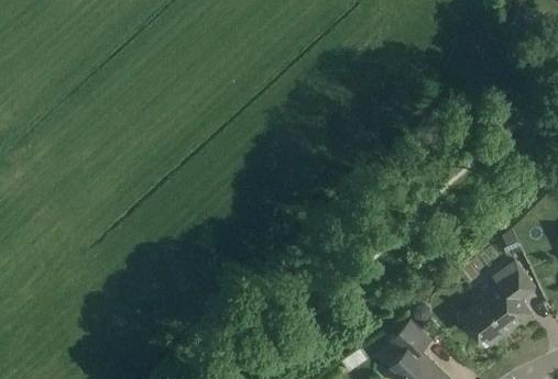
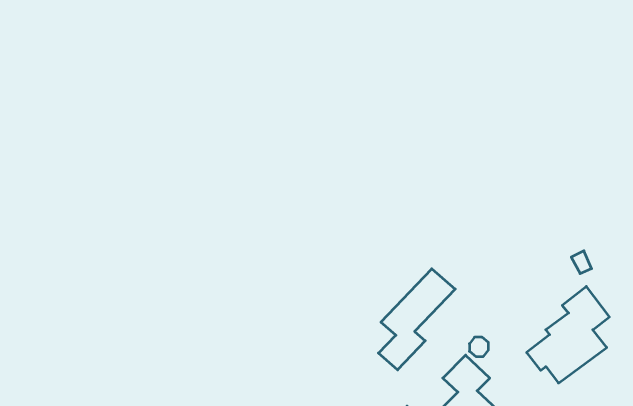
building: none -> [378,269,455,370]

